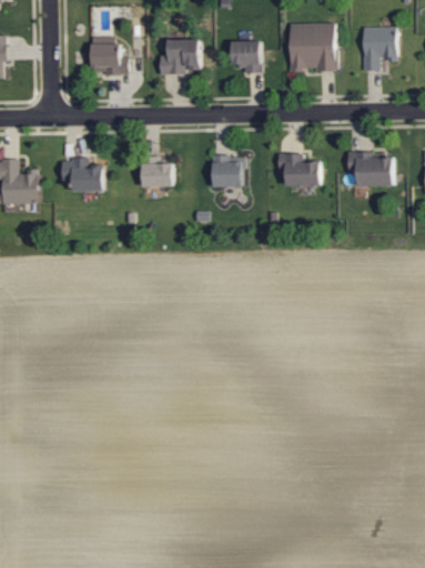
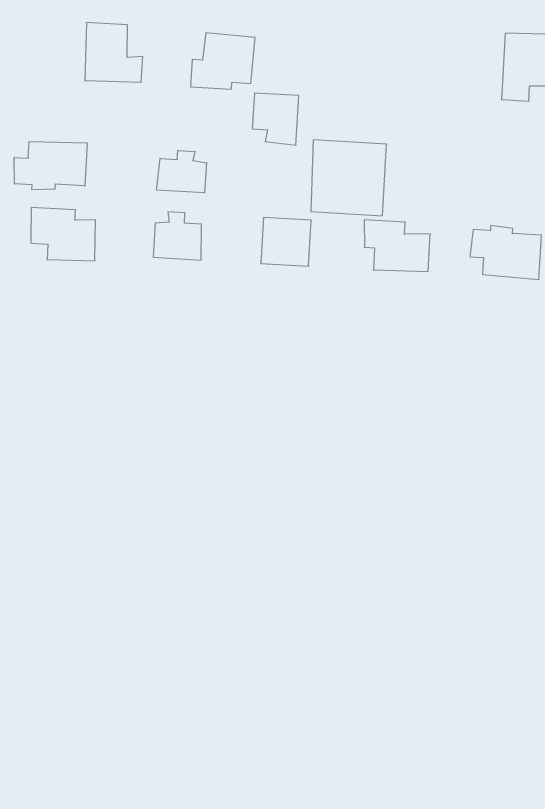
building: [289,23,336,70] -> [311,140,387,216]
building: [232,41,261,73] -> [252,93,299,145]
building: none -> [14,142,87,190]
building: none -> [157,150,206,193]

